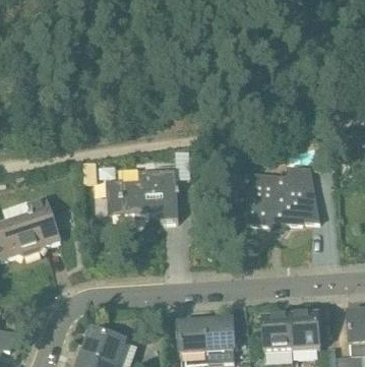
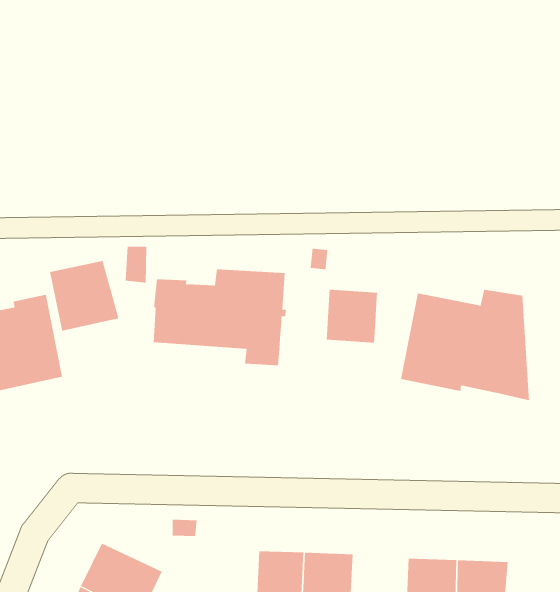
building: none -> [50,260,119,332]
building: none -> [326,289,377,344]

